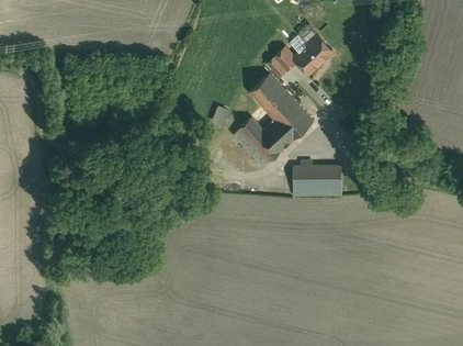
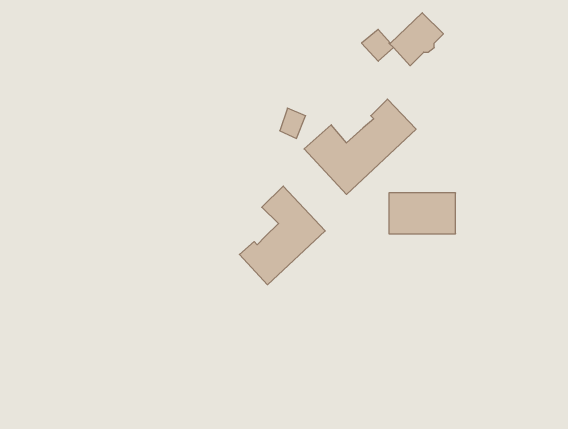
building: [249,71,292,118] -> none
building: none -> [239,186,325,285]

